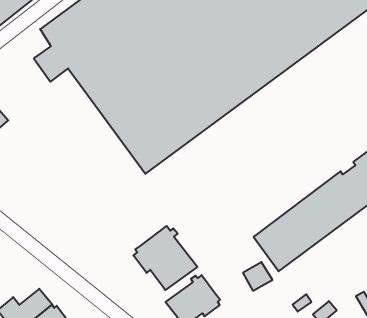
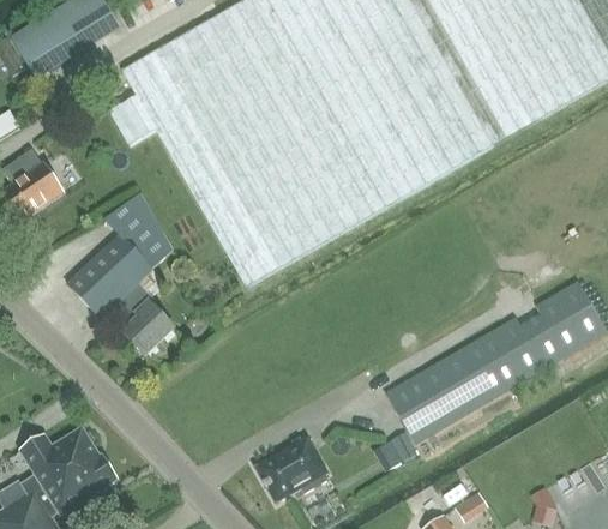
building: none -> [67,192,176,355]
building: [133,226,197,290] -> none

